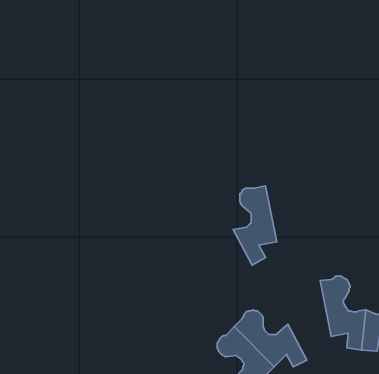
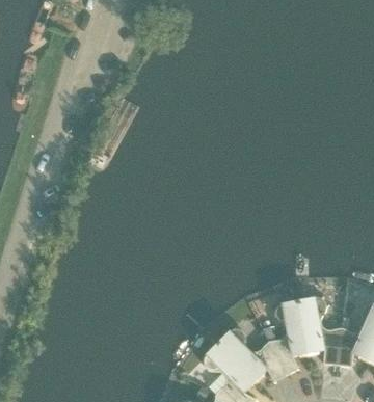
building: [233,186,277,265] -> [268,301,309,375]

